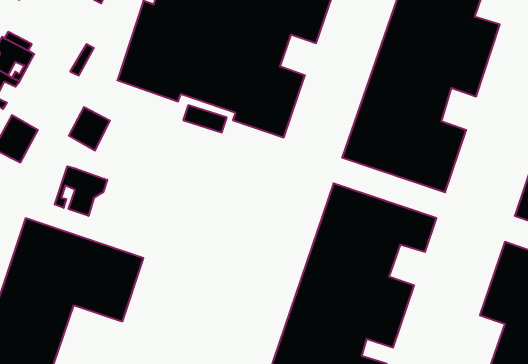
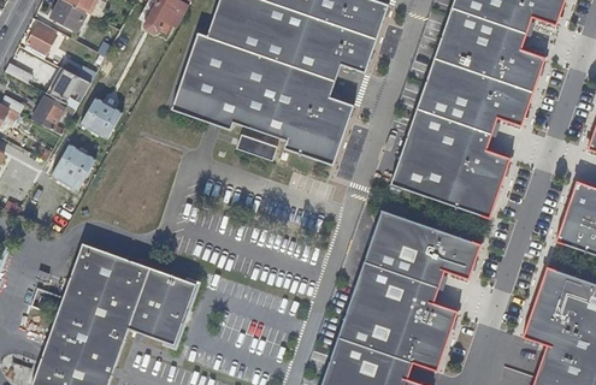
building: [69,107,110,151] -> [82,96,122,138]
building: [55,166,107,216] -> none

